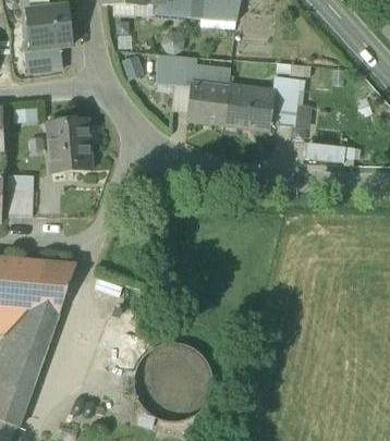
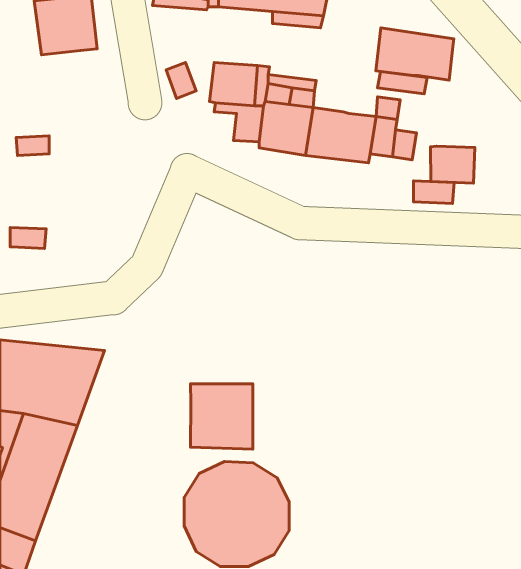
building: none -> [376,28,454,80]
building: [24,45,63,71] -> none
building: none -> [431,146,475,183]
building: [52,118,93,171] -> none
building: [9,187,34,213] -> none
building: none -> [190,384,253,449]

